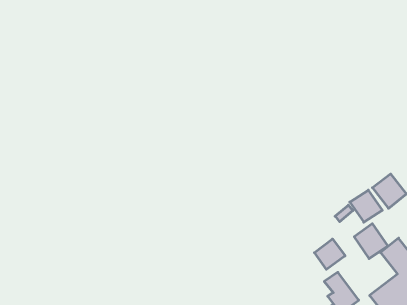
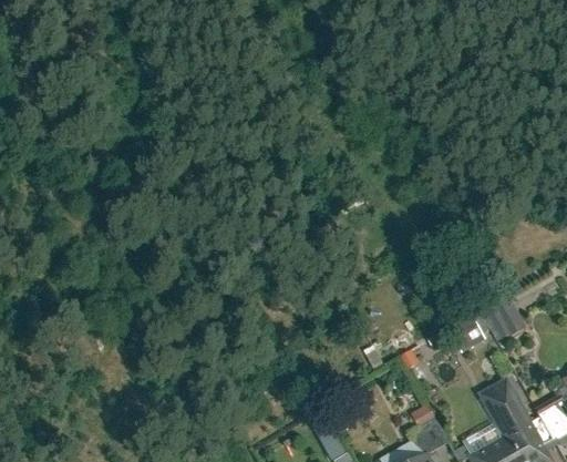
building: [354,224,388,259] -> none
building: [314,239,345,269] -> none

